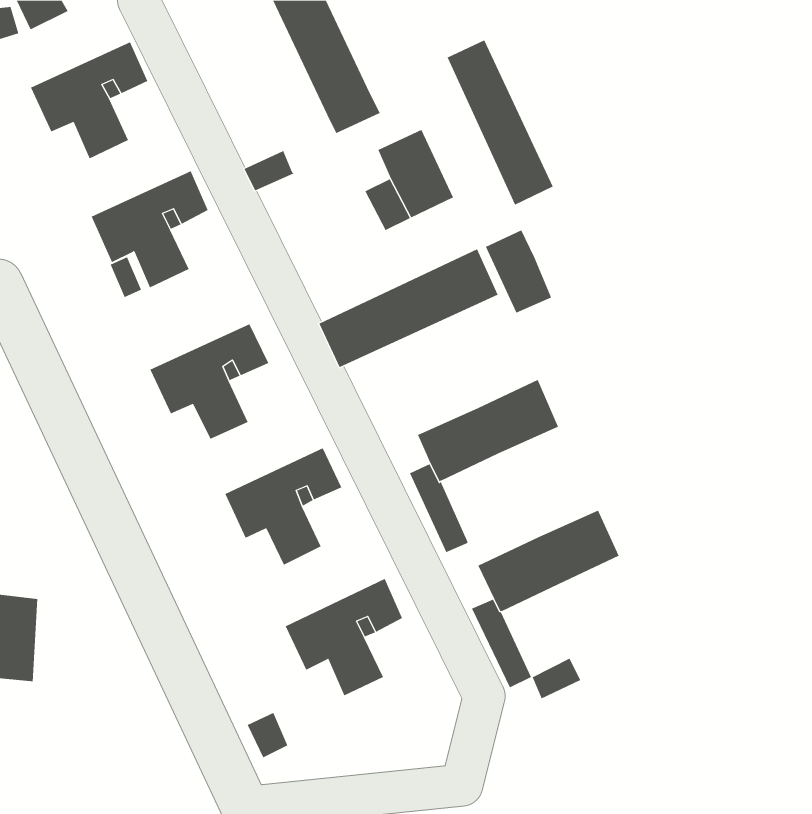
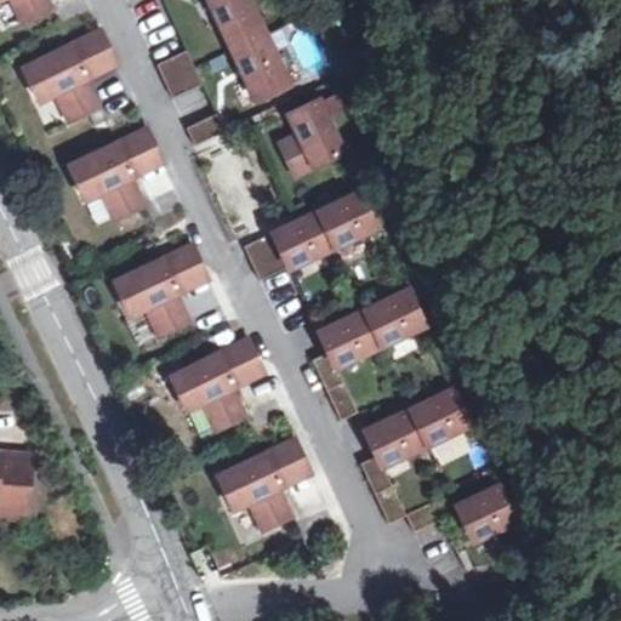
building: [447,40,553,205] -> none
building: none -> [156,51,201,98]
building: [485,230,552,314] -> none
building: none -> [456,485,517,541]

